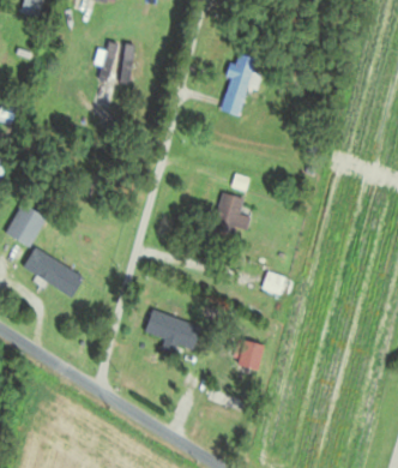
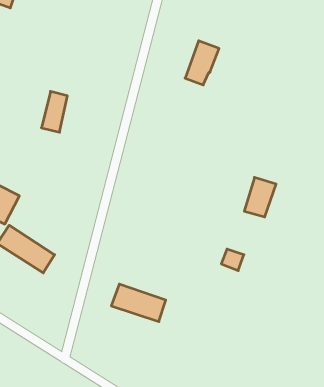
building: [100,42,127,85] -> [41,91,67,132]
building: [212,193,246,235] -> [244,177,276,217]
building: [239,341,266,372] -> none

